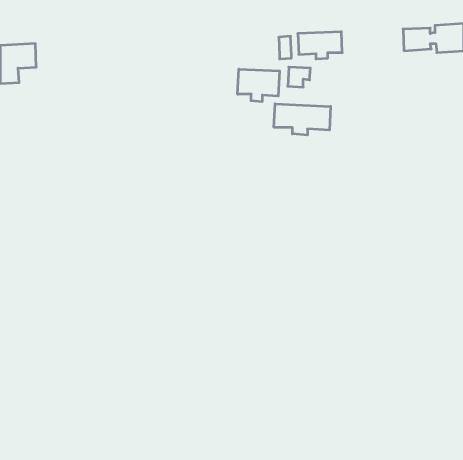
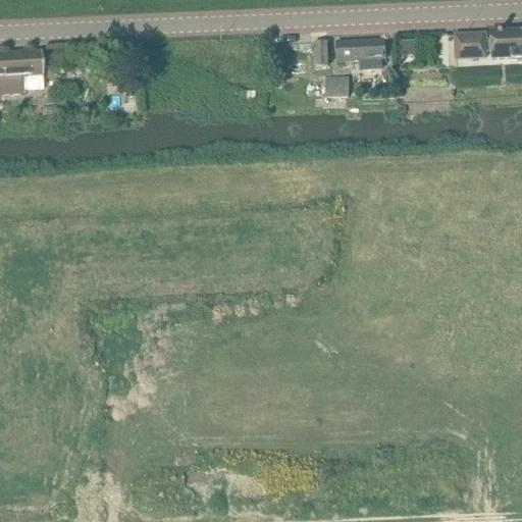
building: [238,69,280,102] -> none
building: [274,104,331,135] -> none

